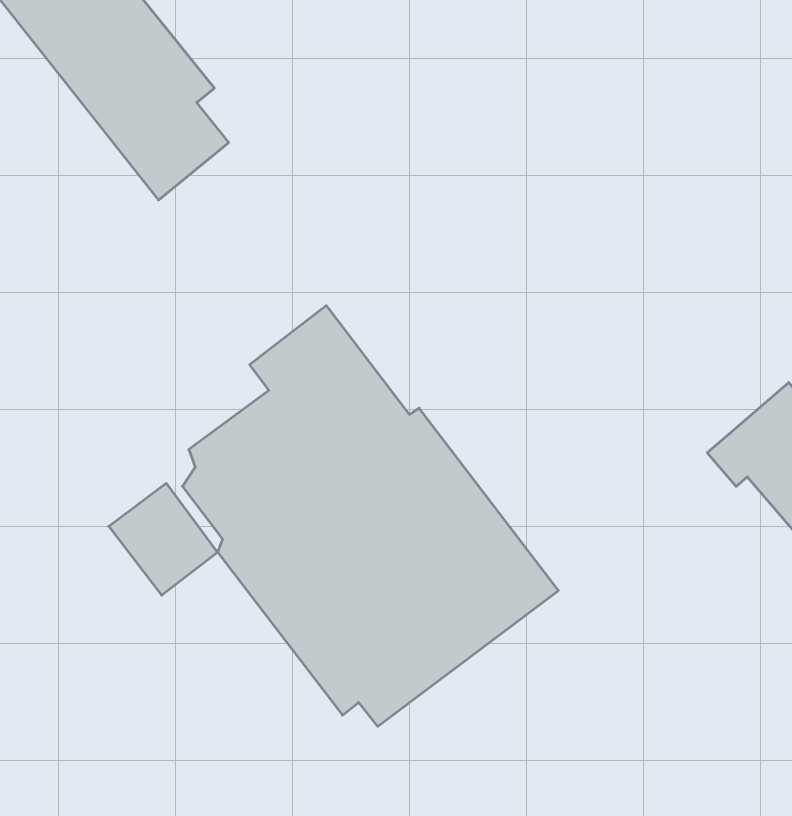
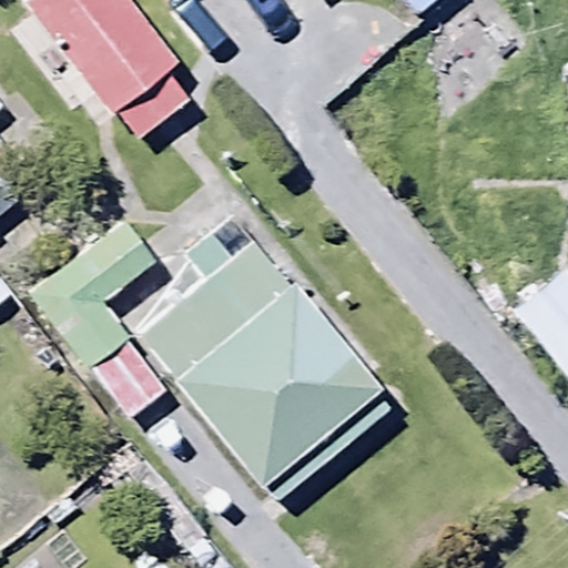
building: none -> [30,219,158,366]

